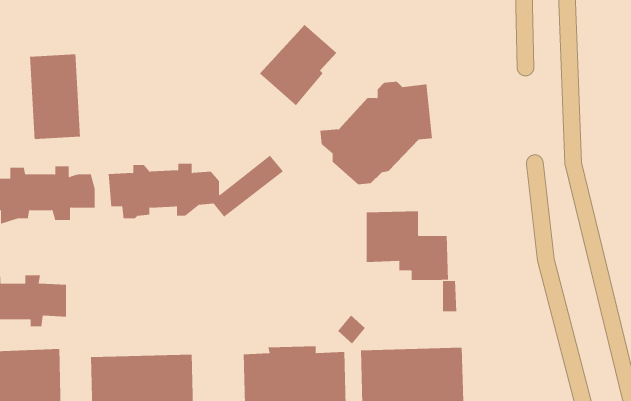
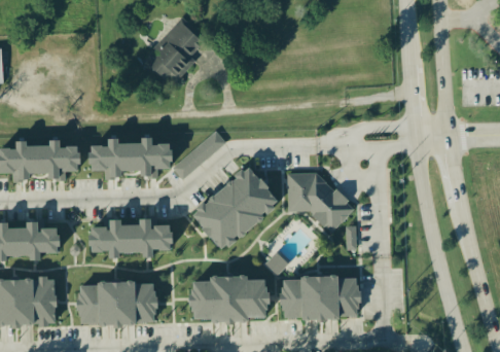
building: [259,24,337,106] -> [143,20,202,81]
building: [29,53,81,140] -> none
building: [319,81,433,185] -> [193,168,279,246]
building: none -> [92,218,173,257]

